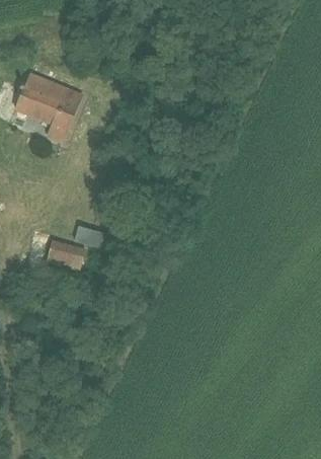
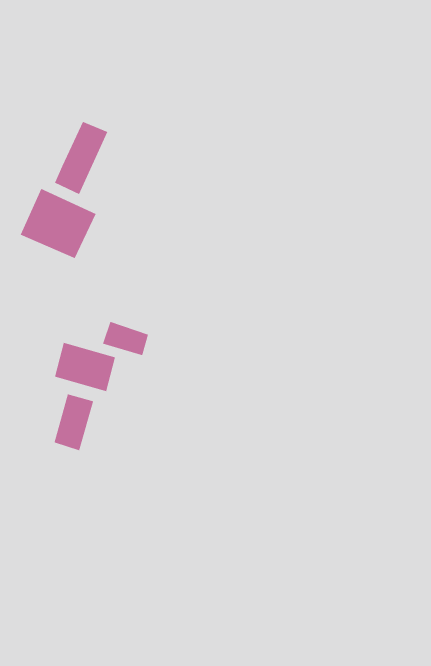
building: [13,73,65,121] -> [20,188,96,259]
building: none -> [54,394,94,451]

